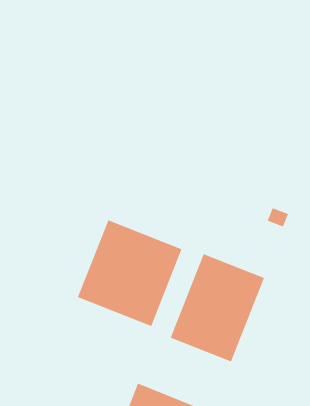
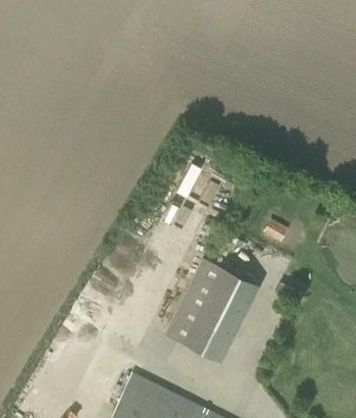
building: [77,220,182,327] -> none

